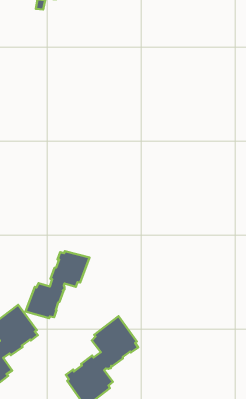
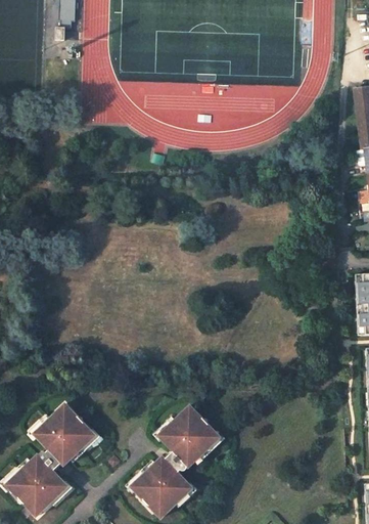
building: [25,251,89,318] -> none

